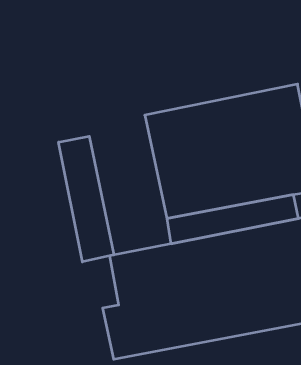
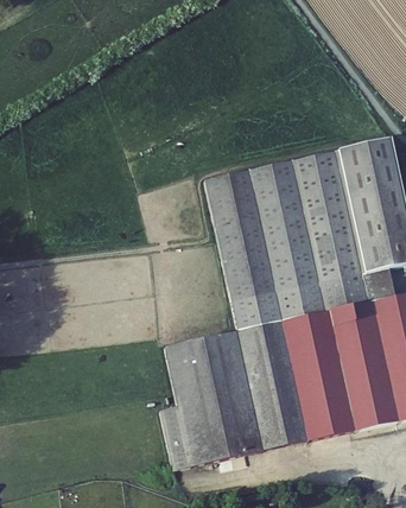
building: [59,136,114,262] -> none

